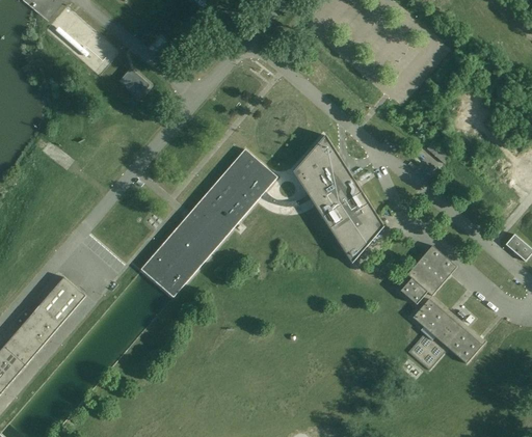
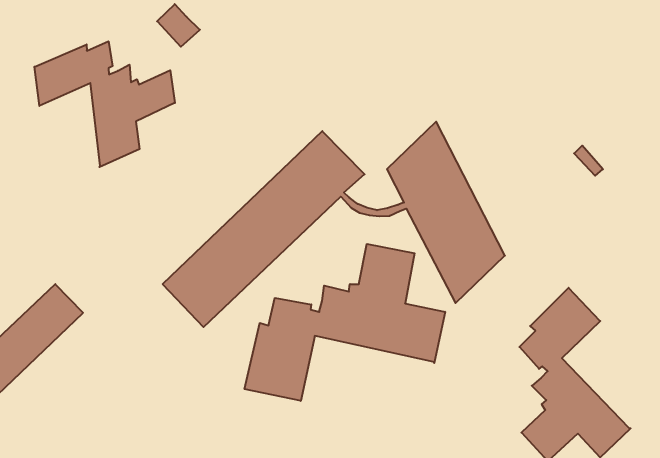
building: none -> [34,41,175,167]
building: none -> [245,244,445,401]

